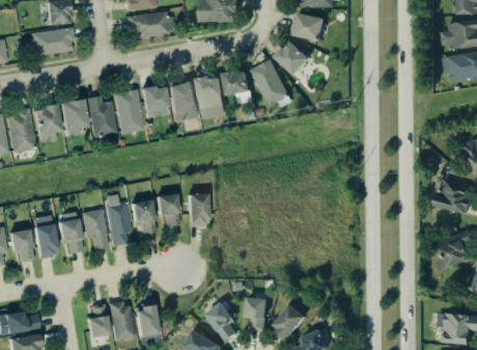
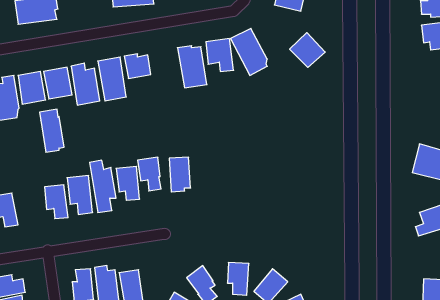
building: [275,41,311,76] -> [290,33,325,67]
building: [168,83,196,119] -> none
building: [32,214,57,258] -> [40,109,64,152]

